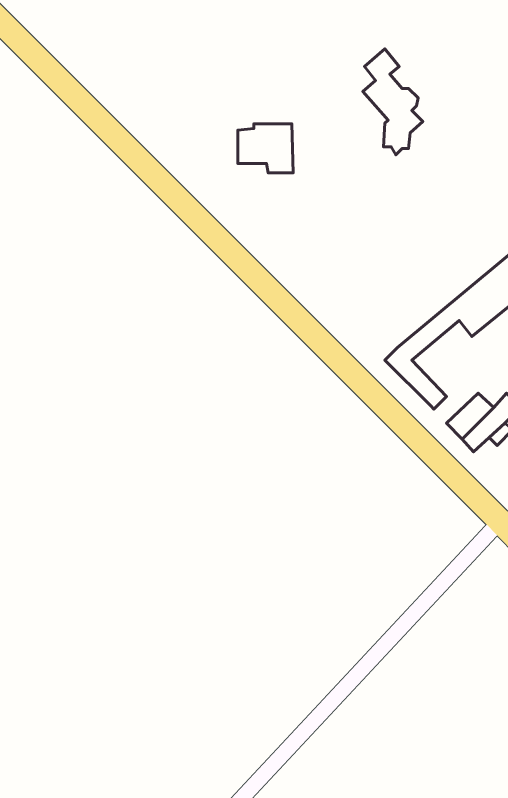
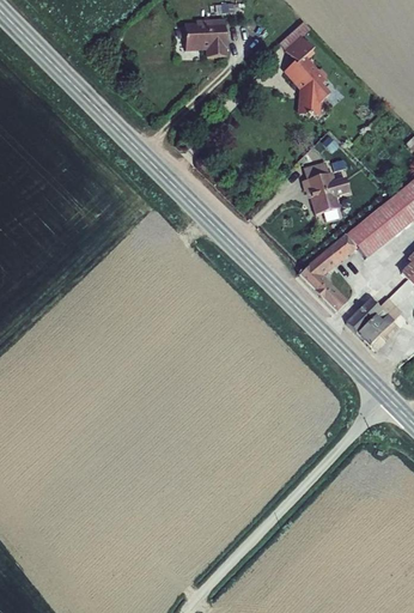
building: [238,124,293,173] -> [187,20,229,57]
building: none -> [302,160,336,207]

